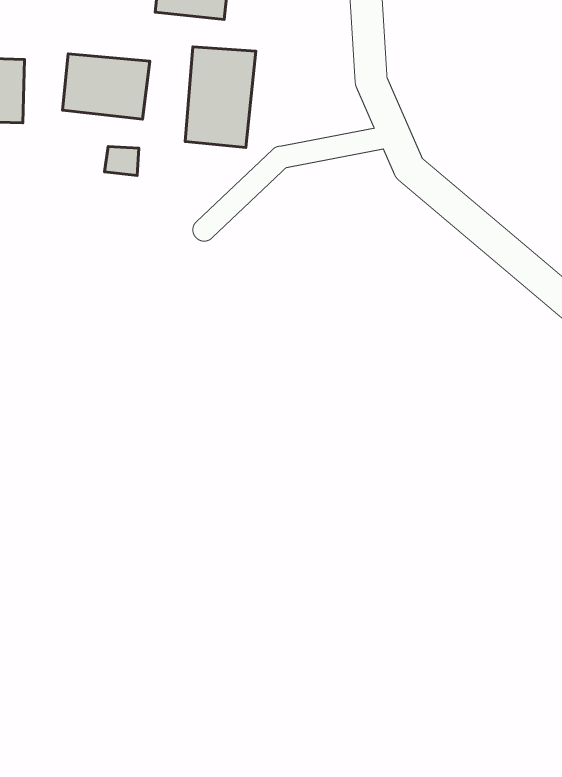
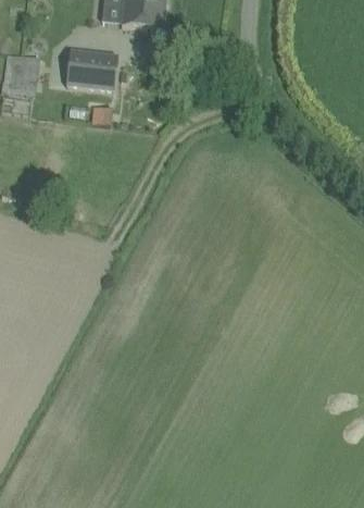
building: [185,47,256,147] -> none

